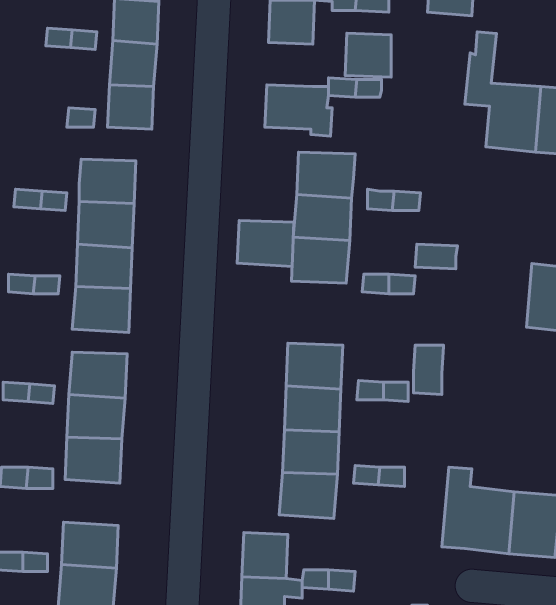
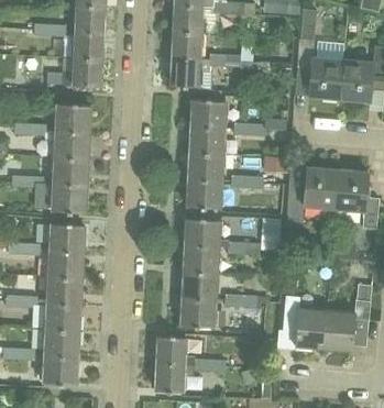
building: [345,33,391,77] -> [172,31,200,58]
building: [237,221,294,267] -> [186,179,221,208]
building: none -> [285,166,337,222]
building: none -> [45,302,80,331]

